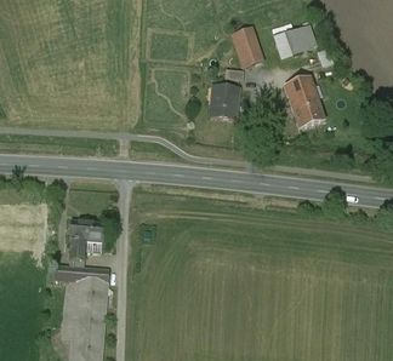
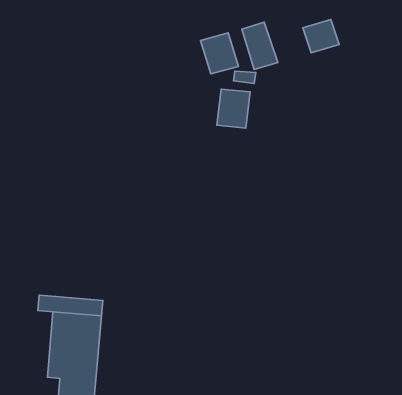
building: none -> [201,33,238,74]
building: [285,75,324,128] -> none
building: [69,220,103,259] -> none

